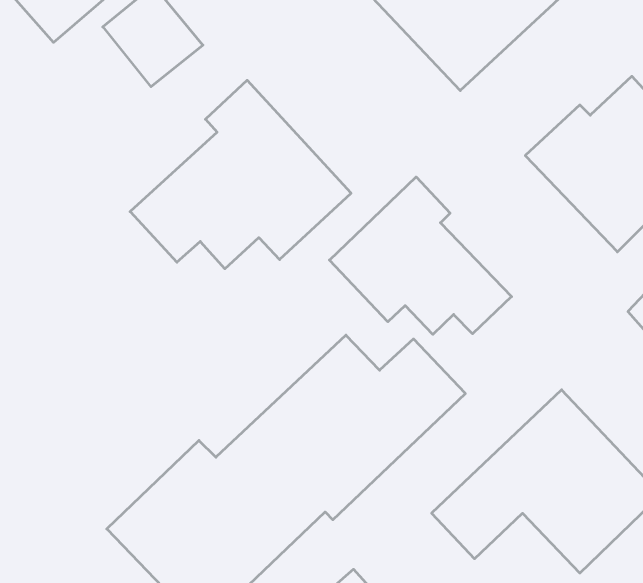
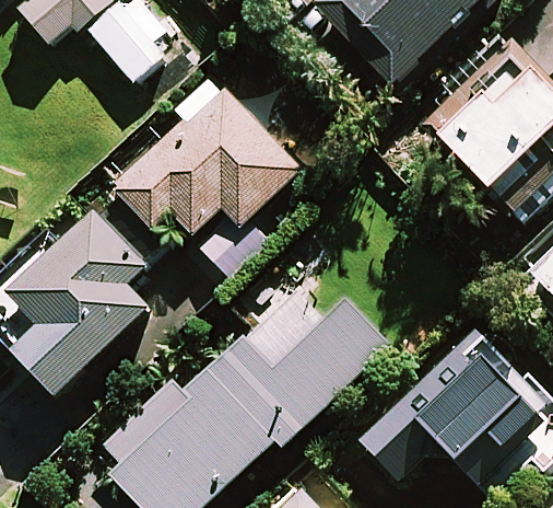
building: [329,177,512,334] -> none
building: none -> [7,208,146,369]

